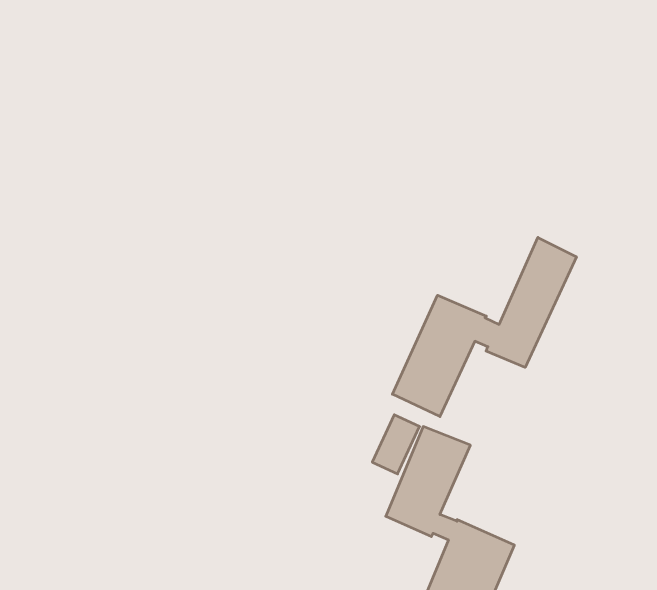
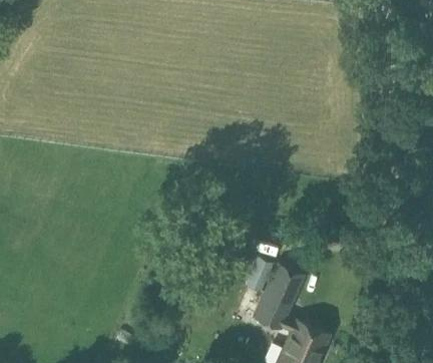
building: [392,237,576,417] -> none

